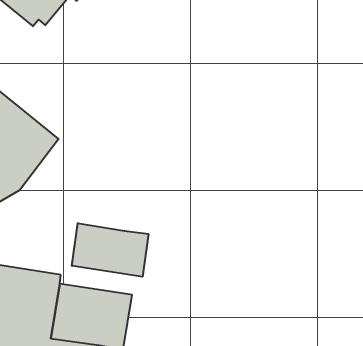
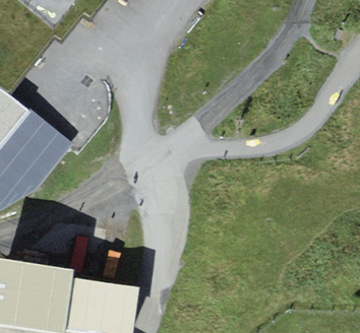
building: [72,223,148,277] -> none

